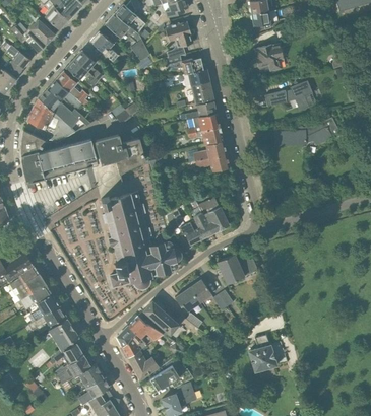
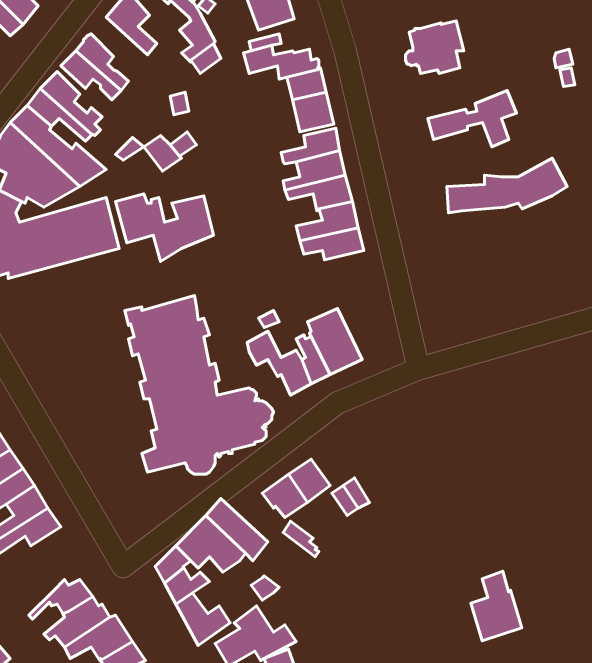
building: [218,254,258,283] -> none
building: [49,318,79,350] -> none
building: [249,334,276,371] -> [471,571,522,641]

